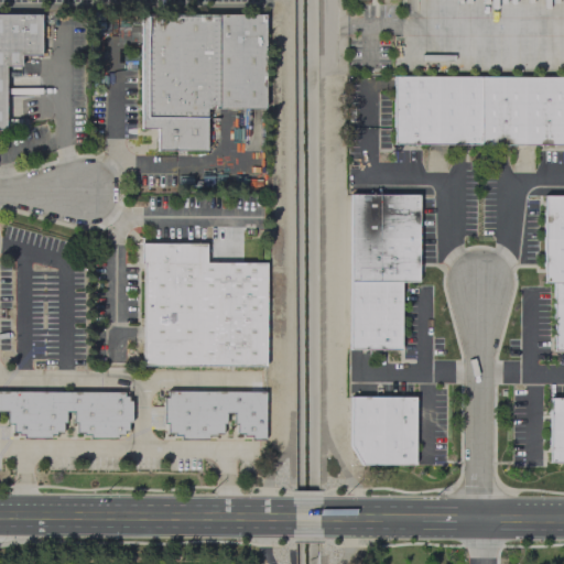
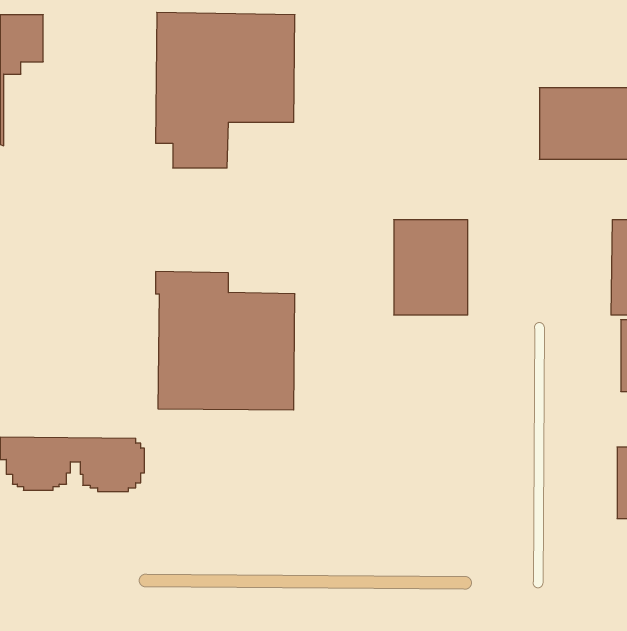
building: [398,77,485,142] -> none
building: [355,281,403,348] -> none
building: [164,390,267,441] -> none
building: [355,399,419,465] -> none

